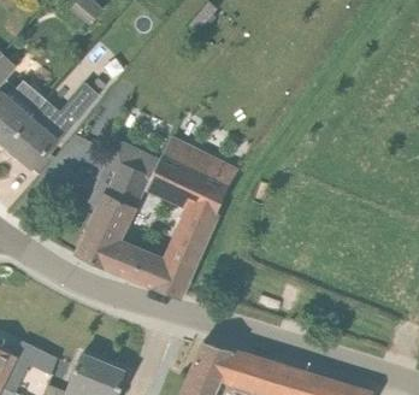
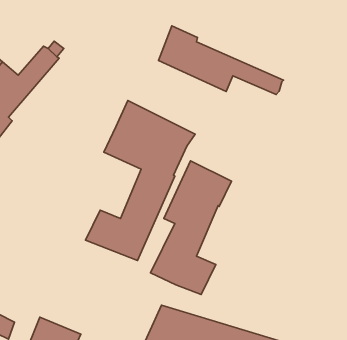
building: none -> [159,26,284,95]
building: [77,143,158,277] -> [151,161,231,295]

